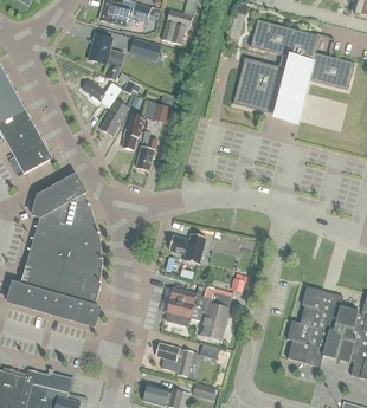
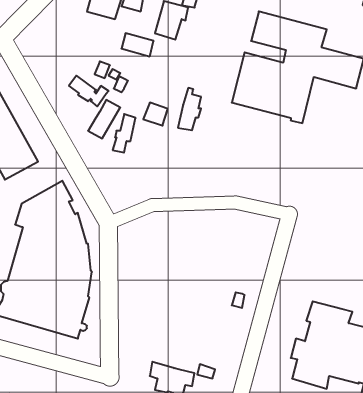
building: [89,34,116,63] -> none
building: [136,130,157,169] -> [178,88,201,130]
building: [169,233,206,264] -> none
building: [165,286,231,339] -> none

